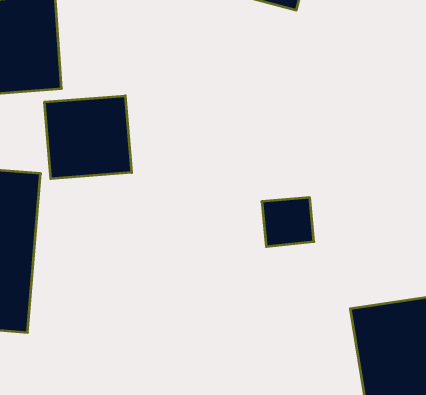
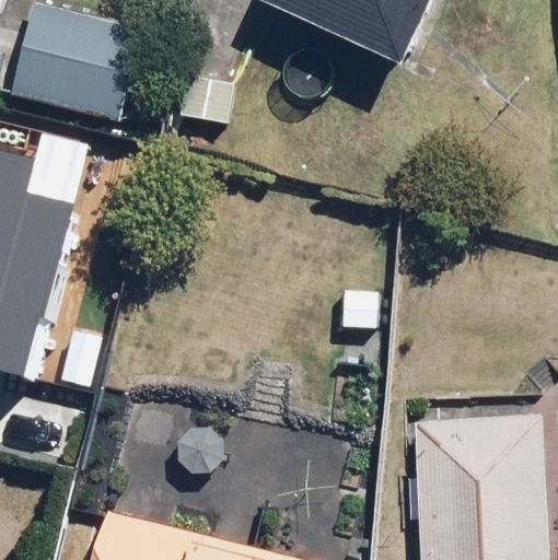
building: [45,96,132,179] -> none

